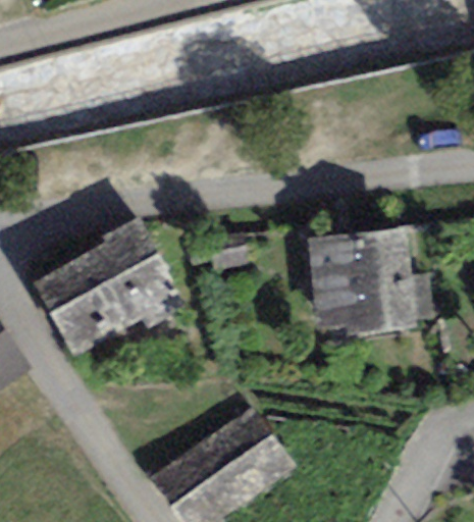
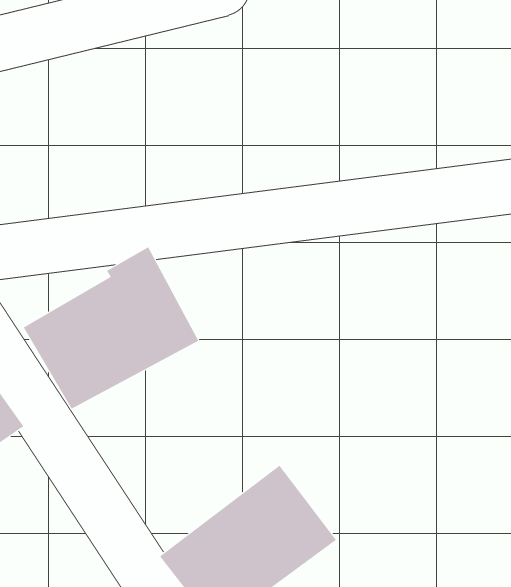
building: [309,228,434,336] -> none

